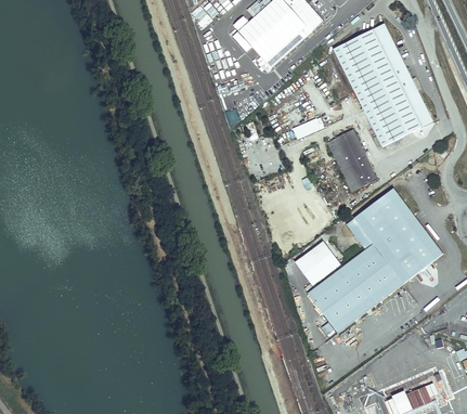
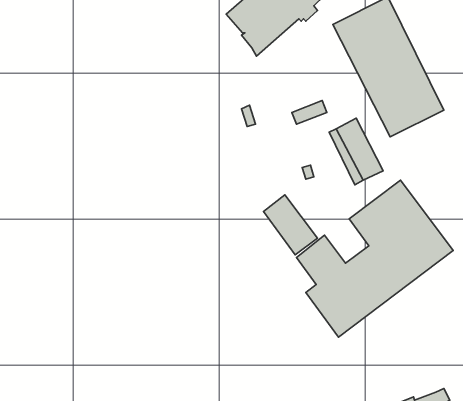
building: none -> [264,195,318,255]

